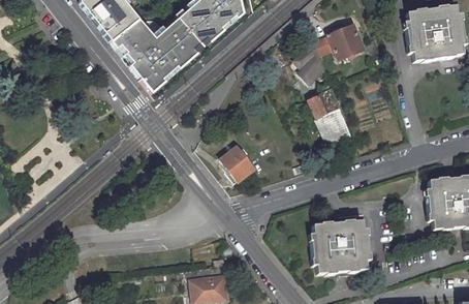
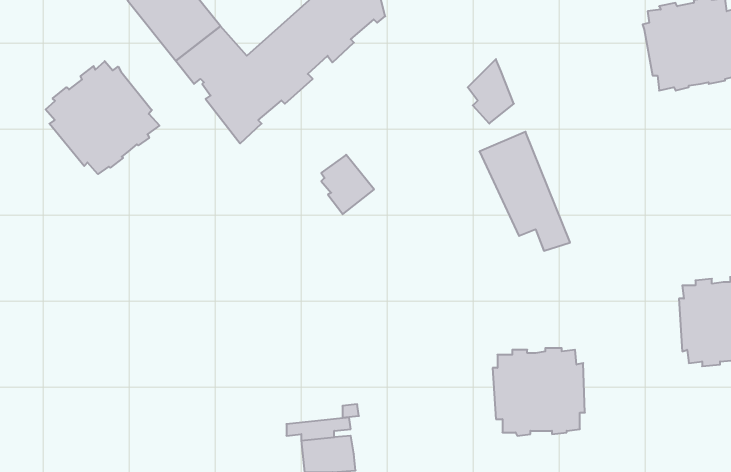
building: [312,21,362,55] -> none
building: none -> [46,61,159,174]
building: [221,145,254,182] -> [321,155,374,214]

